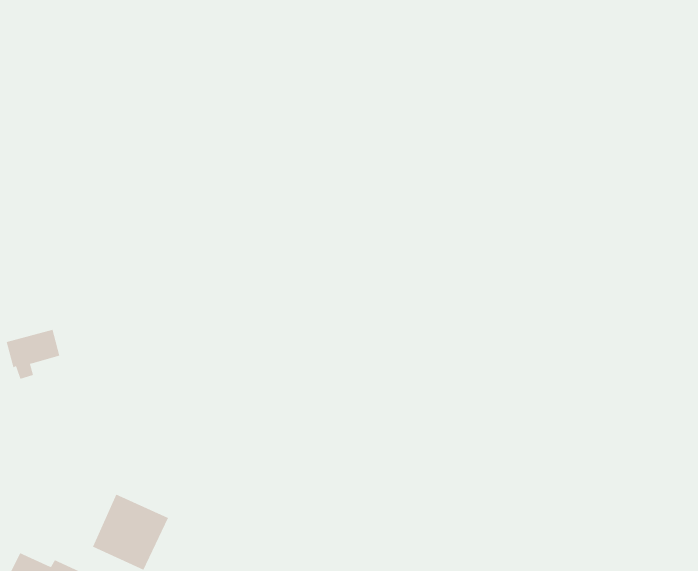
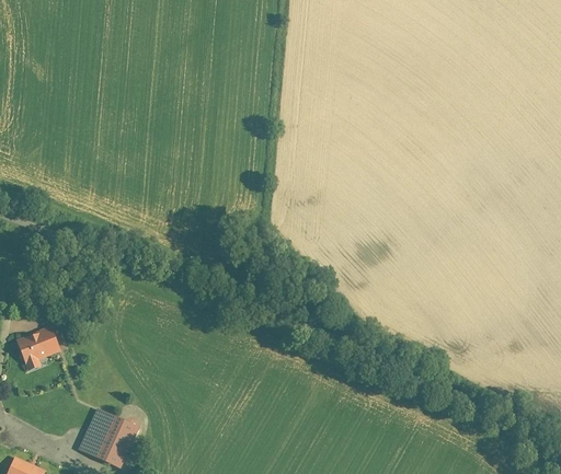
building: [6,329,60,379] -> [15,331,58,370]

